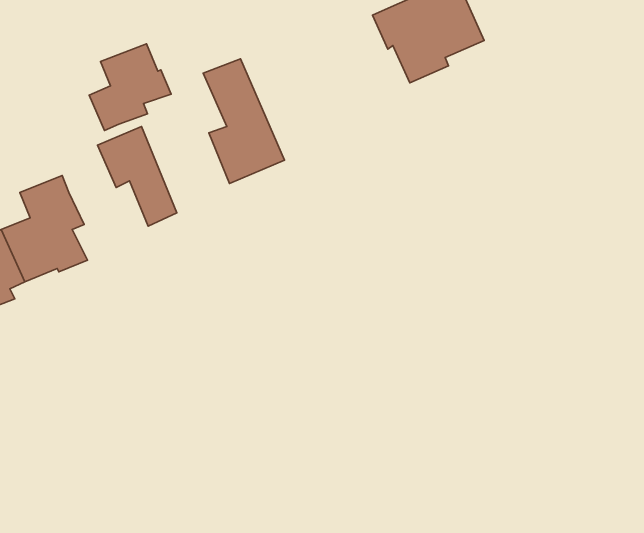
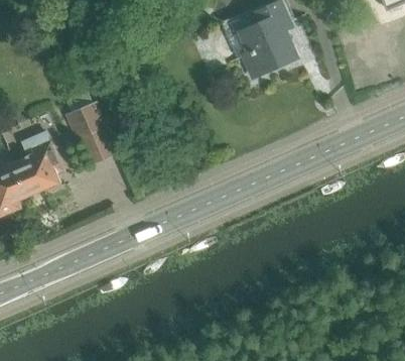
building: [89,44,171,130] -> none
building: [203,59,285,183] -> none

